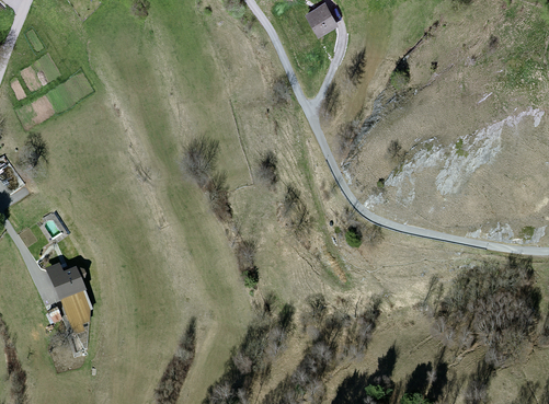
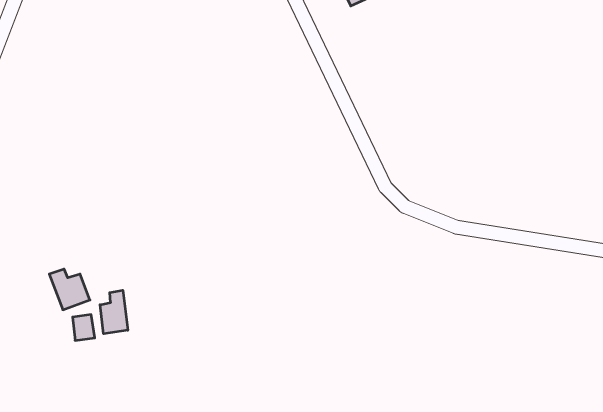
building: none -> [100,290,128,334]

